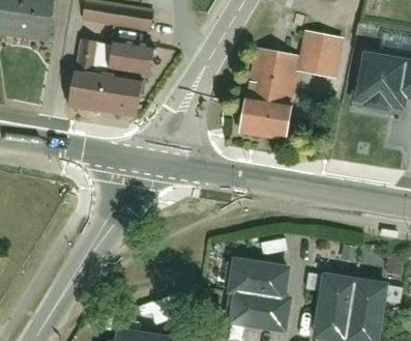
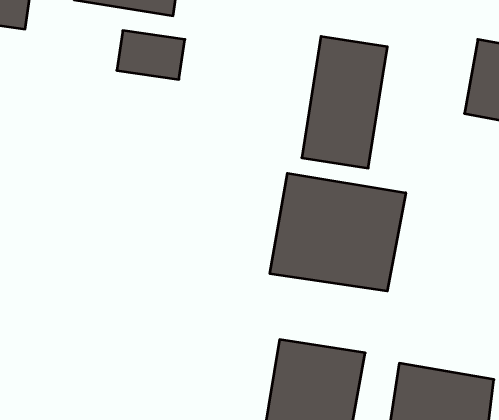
building: [299,30,346,78] -> none
building: [72,36,148,117] -> none
building: none -> [270,173,406,291]

